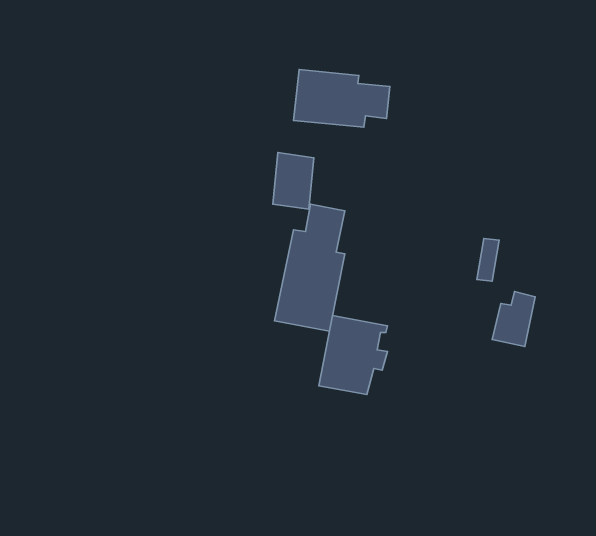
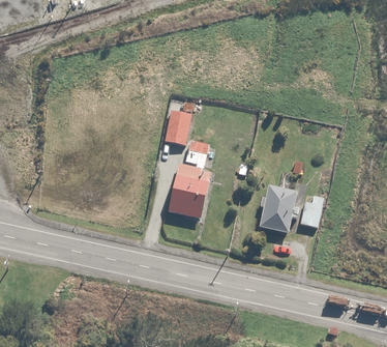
building: [293,70,390,127] -> none
building: [319,315,387,394] -> [259,184,300,232]

